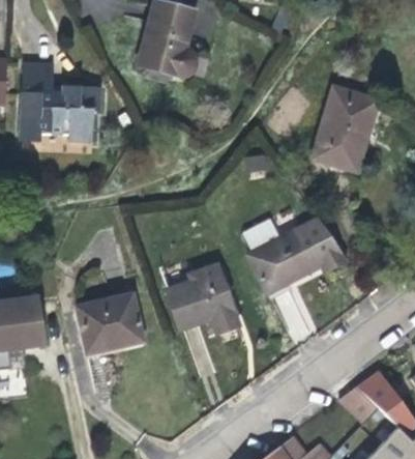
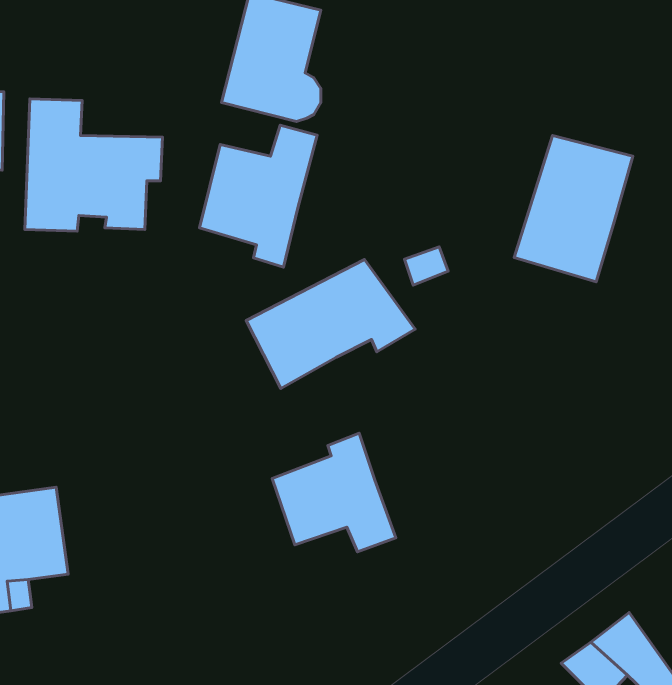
building: none -> [200,125,317,267]
building: [247,218,348,294] -> [246,260,415,388]
building: [77,293,145,353] -> none

